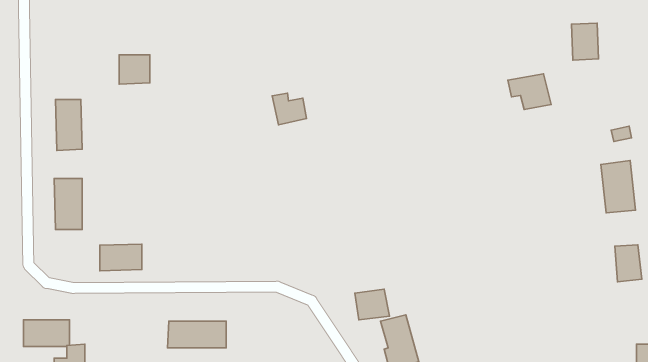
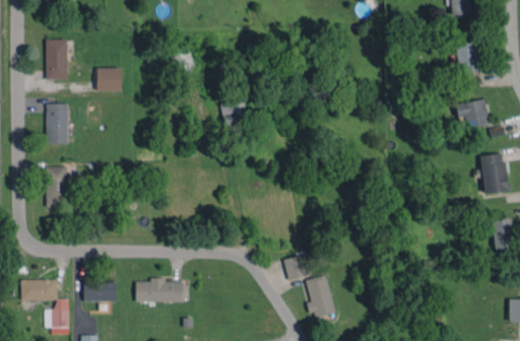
building: none -> [47,40,68,79]
building: [508,74,551,110] -> [456,99,491,128]
building: [100,244,142,271] -> [84,280,118,301]

